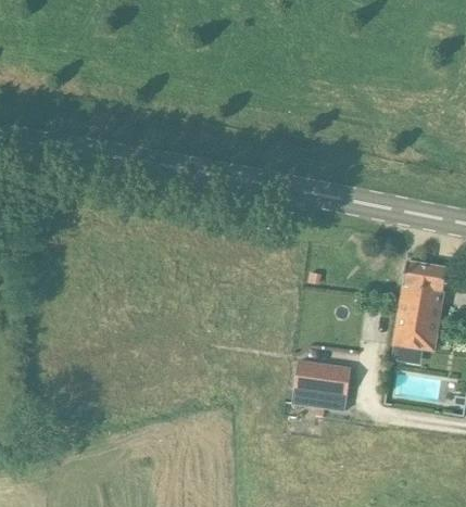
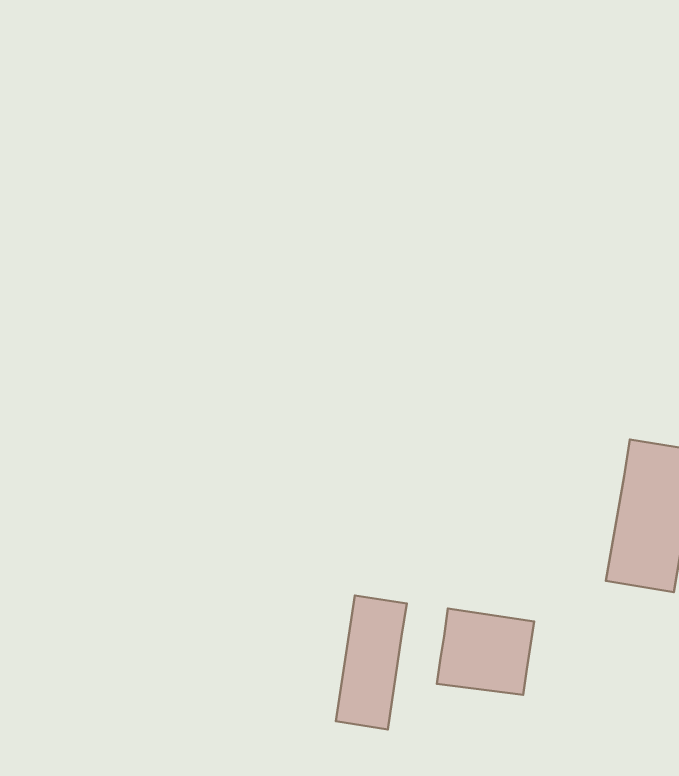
building: none -> [336,595,407,729]

